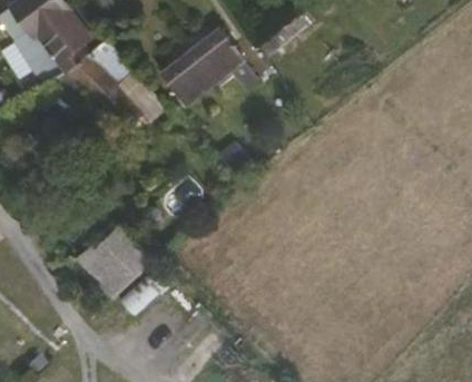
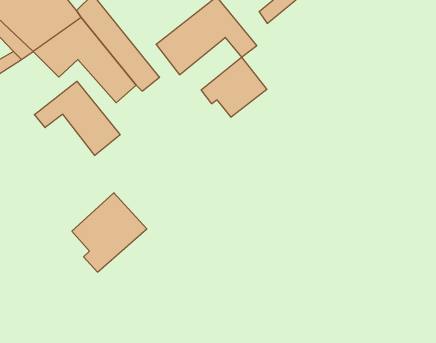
building: none -> [201,57,267,117]
building: none -> [34,81,120,156]

